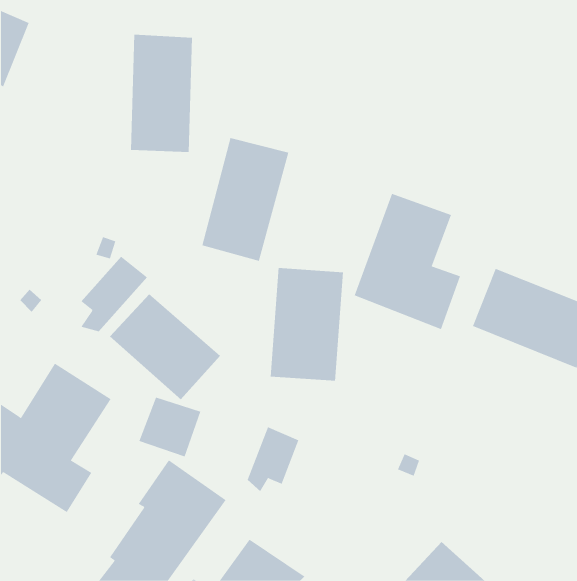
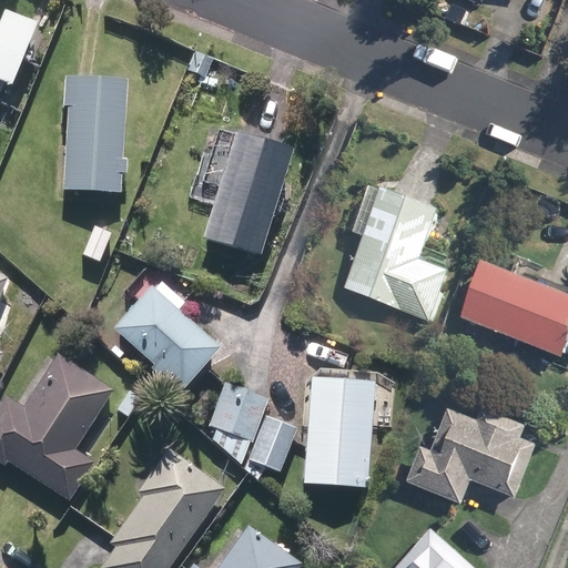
building: [130,34,193,152] -> [61,77,122,192]
building: [80,256,148,332] -> none
building: [270,268,344,381] -> [301,377,373,488]
building: [139,397,201,457] -> [207,384,268,443]
building: none -> [410,408,541,506]

